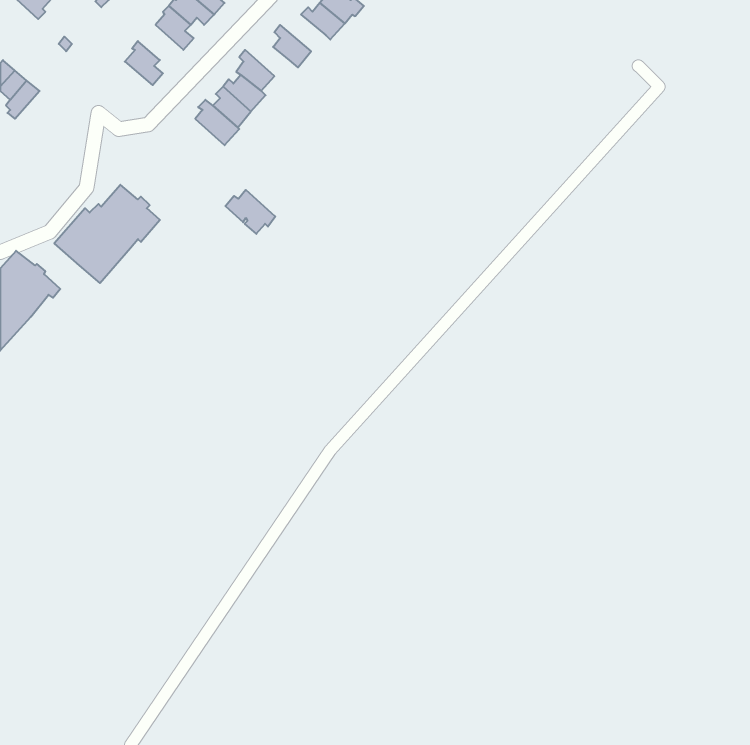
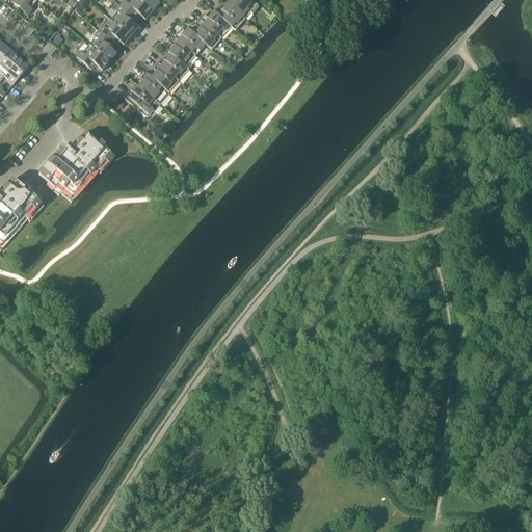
building: none -> [198,10,231,36]
building: none -> [98,18,130,44]
building: none -> [174,27,205,54]
building: none -> [76,44,108,69]
building: [225,190,275,234] -> [124,84,159,115]

